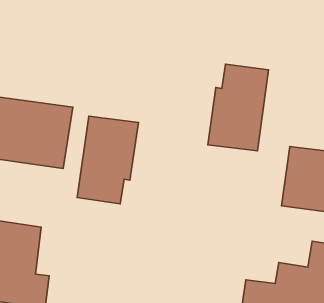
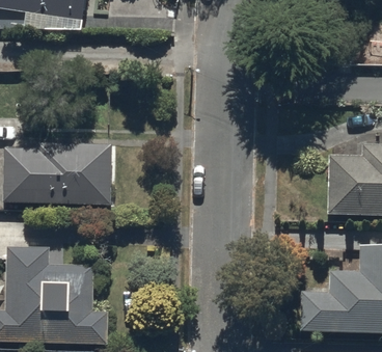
building: [208,64,268,151] -> none
building: [77,116,139,204] -> none

